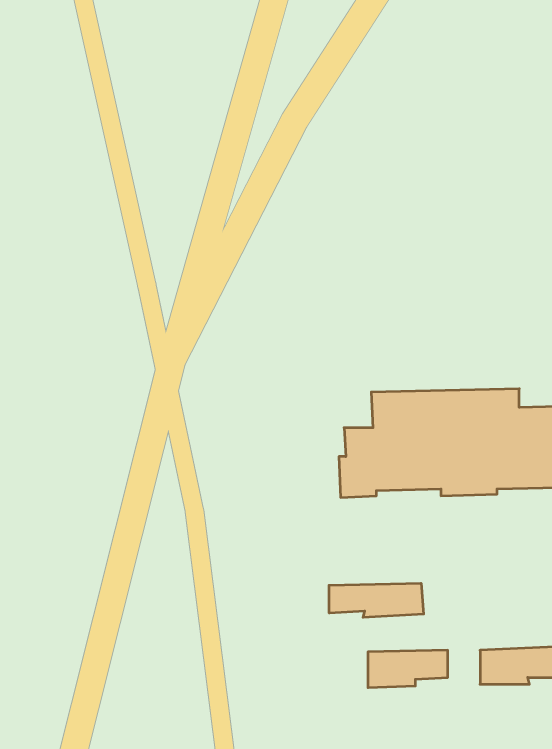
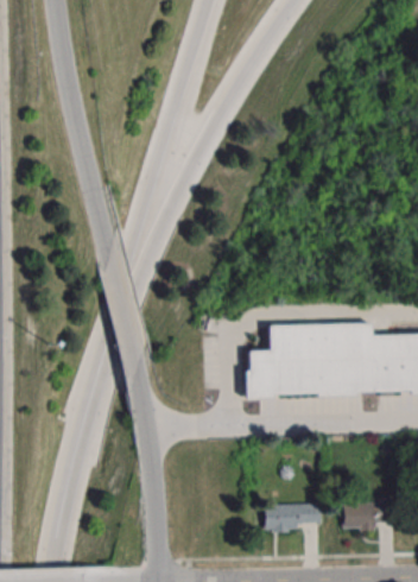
building: [329,583,424,617] -> none

